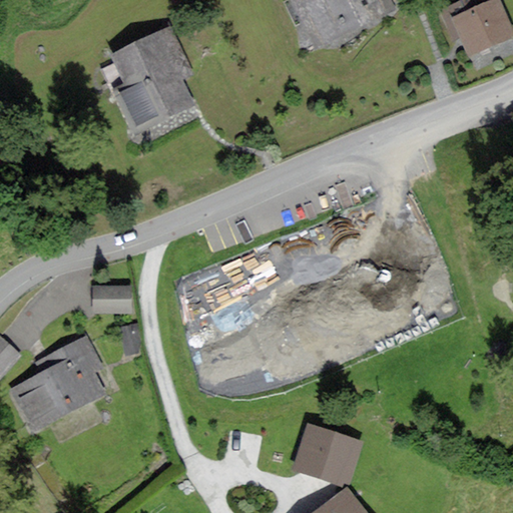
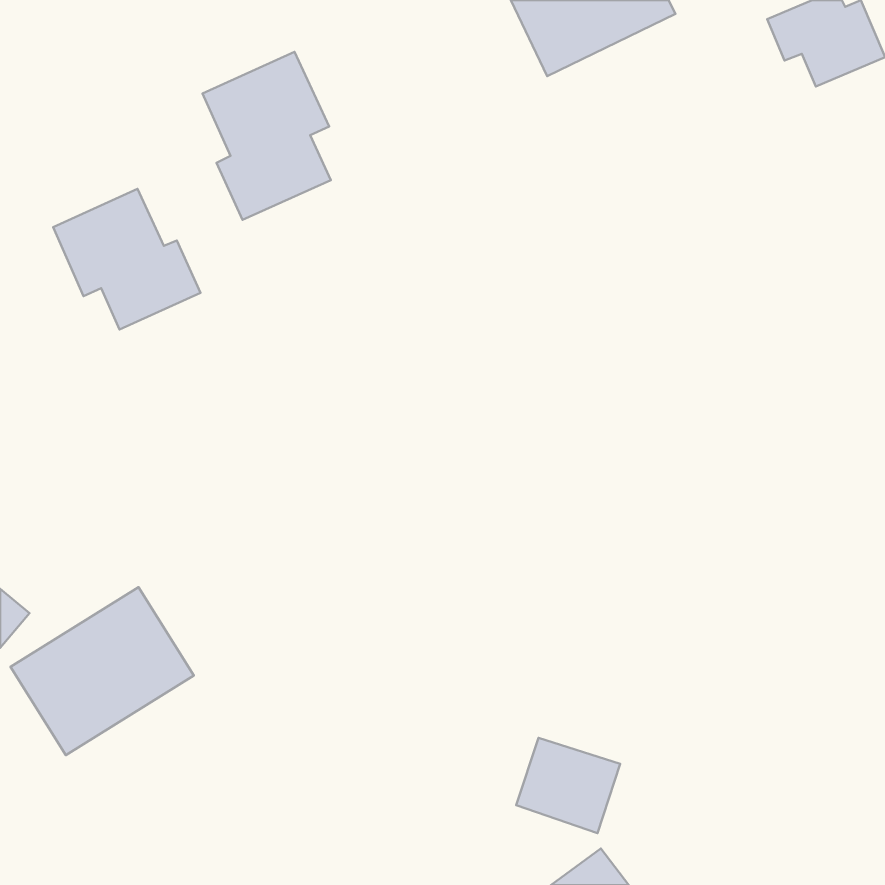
building: none -> [53,189,201,330]
building: [96,288,129,312] -> none

